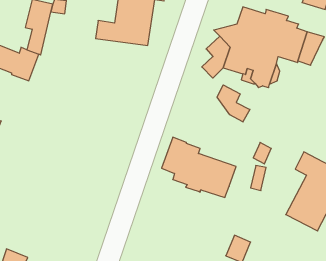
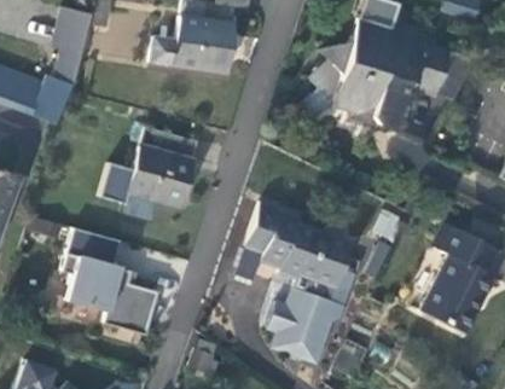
building: none -> [99,126,198,207]
building: [217,85,250,122] -> none
building: none -> [62,227,158,335]
building: none -> [267,269,355,360]

